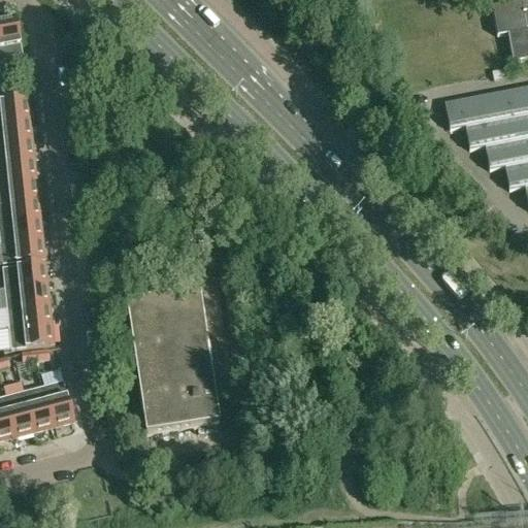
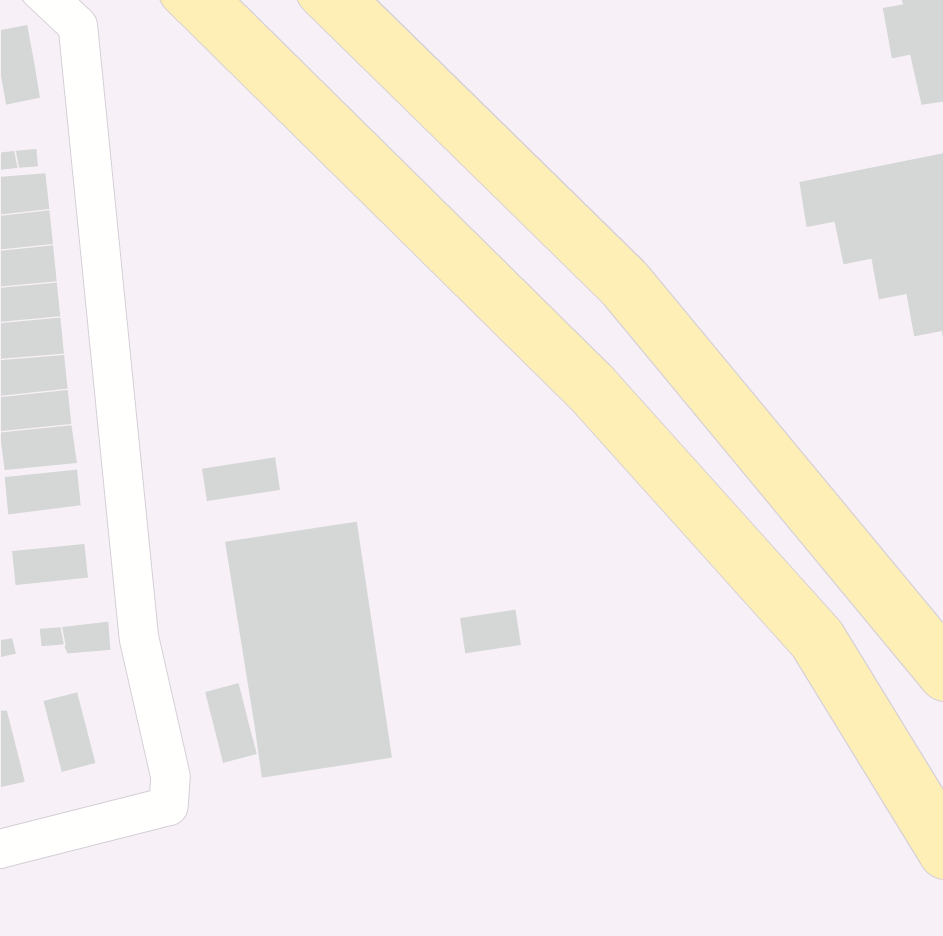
building: none -> [201,457,281,502]
building: [6,282,50,306] -> none
building: [10,322,54,348] -> none
building: none -> [459,609,522,654]
building: [45,380,75,425] -> [204,682,258,764]
building: [6,390,36,435] -> none

